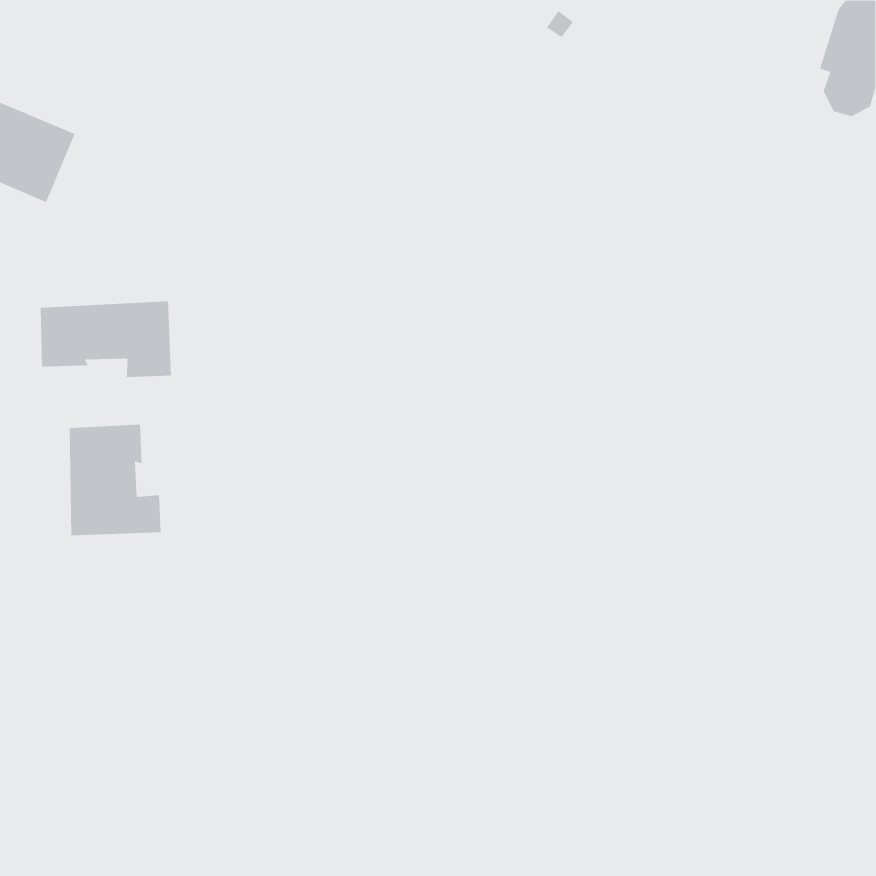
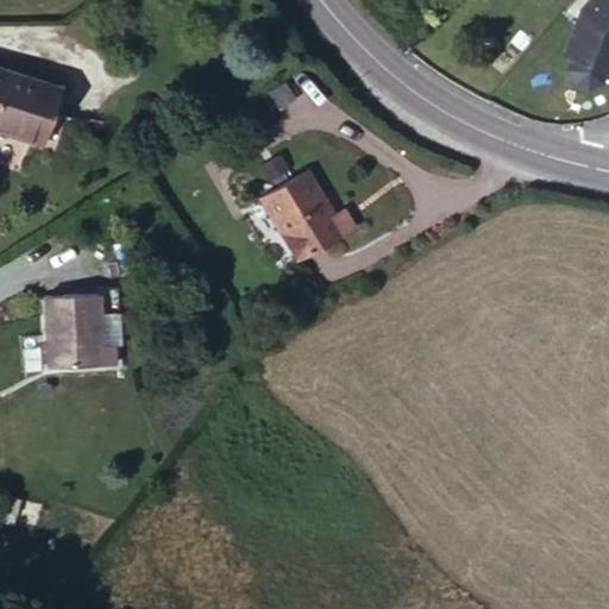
building: none -> [270,164,366,260]
building: [40,300,171,378] -> none

